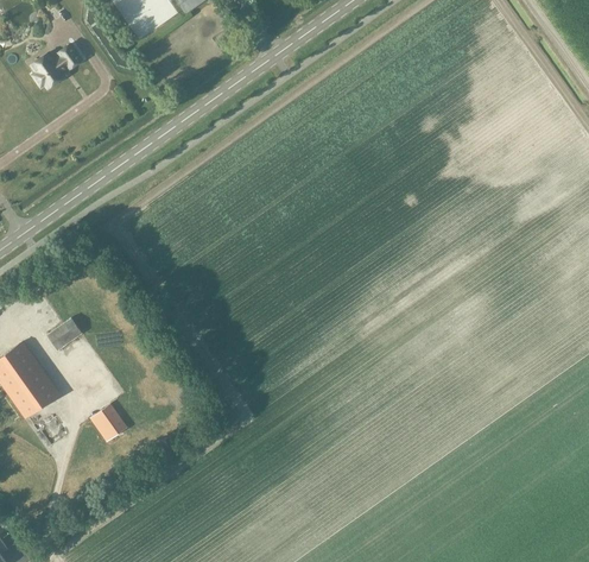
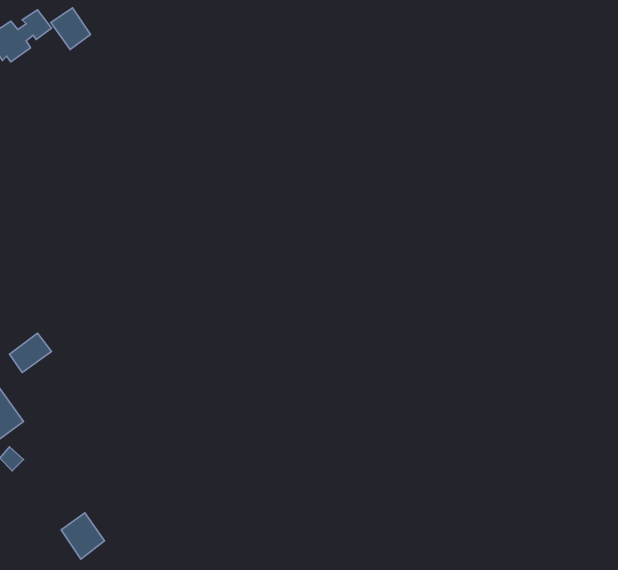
building: none -> [51,8,91,50]
building: [90,404,127,443] -> [61,513,105,559]

